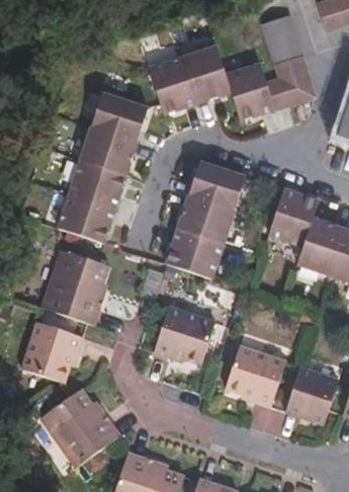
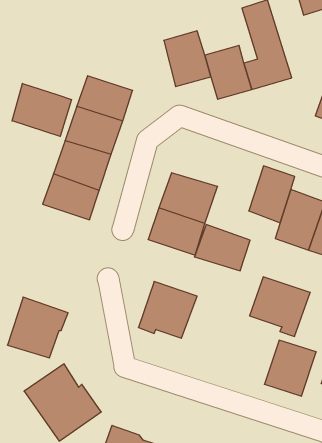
building: [149,57,193,113] -> none
building: none -> [12,83,71,136]
building: [189,160,247,208] -> [194,225,250,271]
building: [41,248,108,323] -> none
building: [223,344,285,406] -> [250,277,310,336]

